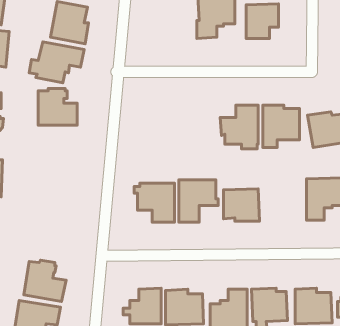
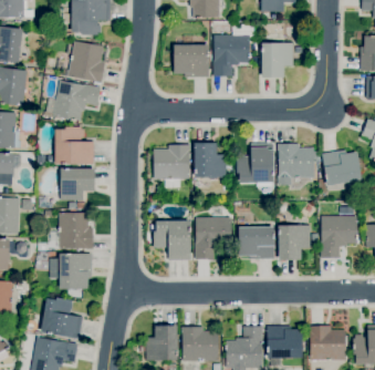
building: none -> [174,44,209,76]
building: none -> [195,142,227,178]
building: none -> [154,144,190,187]
building: none -> [59,167,95,199]
building: none -> [56,212,93,248]
building: none -> [278,225,311,259]
building: none -> [50,253,92,289]

